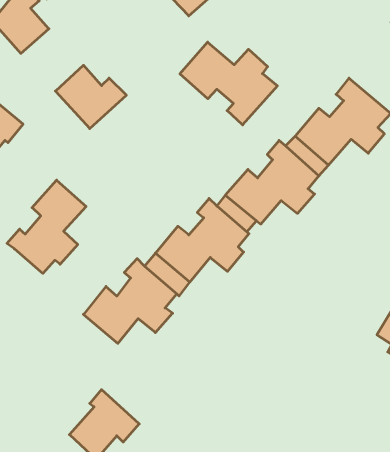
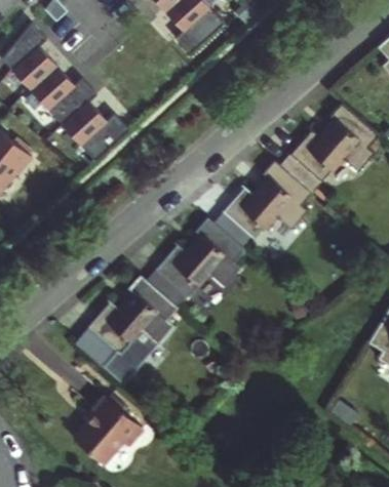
building: none -> [28,56,94,116]
building: [180,42,277,125] -> none
building: [7,180,86,273] -> none
building: none -> [73,329,129,382]

